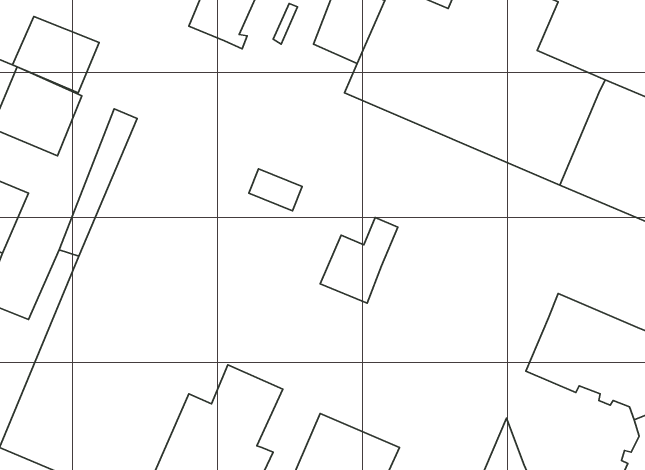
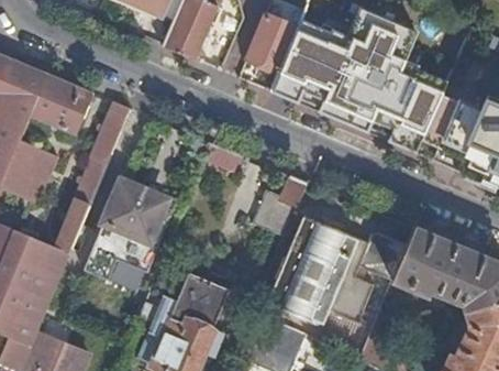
building: [13,17,99,93] -> none
building: none -> [84,181,176,280]
building: none -> [267,215,408,324]

